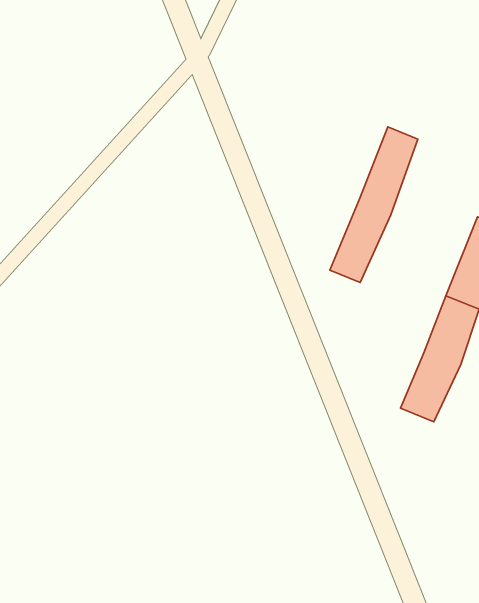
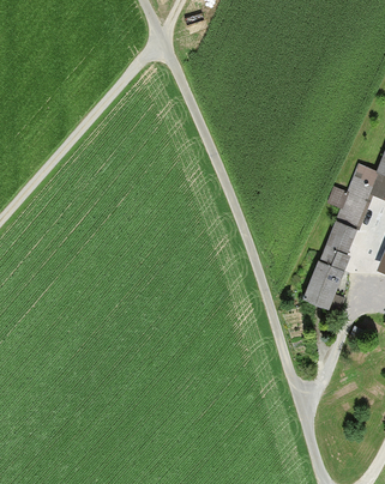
building: [330,127,418,282] -> none

